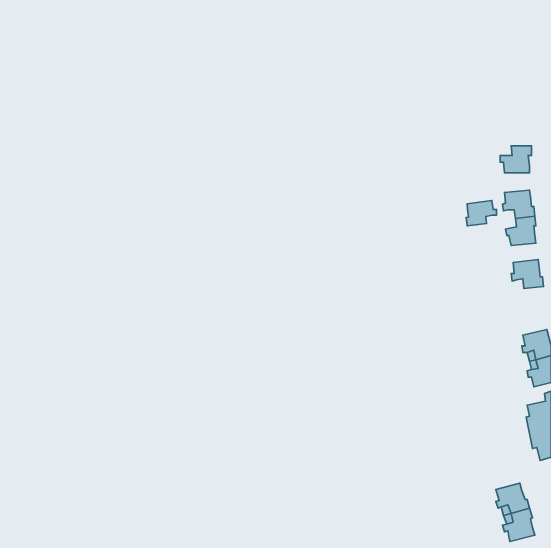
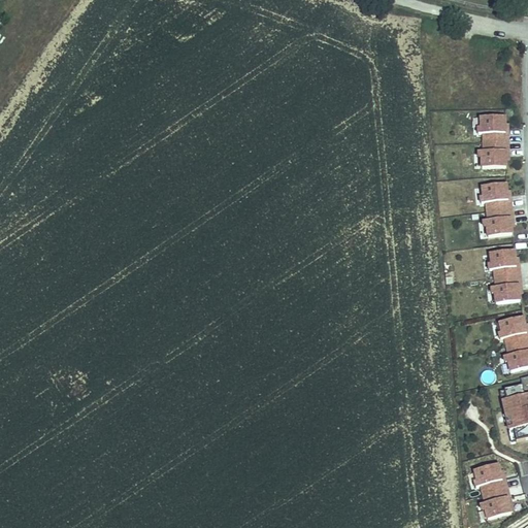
building: none -> [477,113,507,139]
building: [466,201,497,226] -> none
building: none -> [491,273,520,301]

